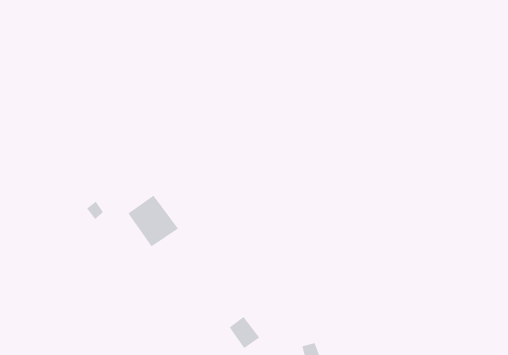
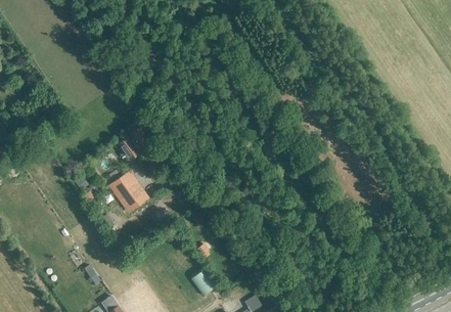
building: none -> [117,126,150,161]

